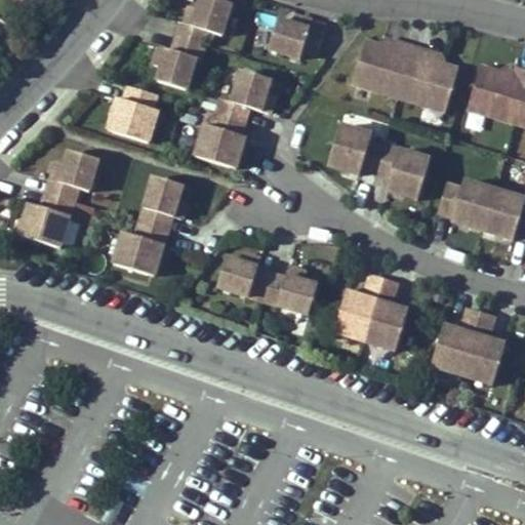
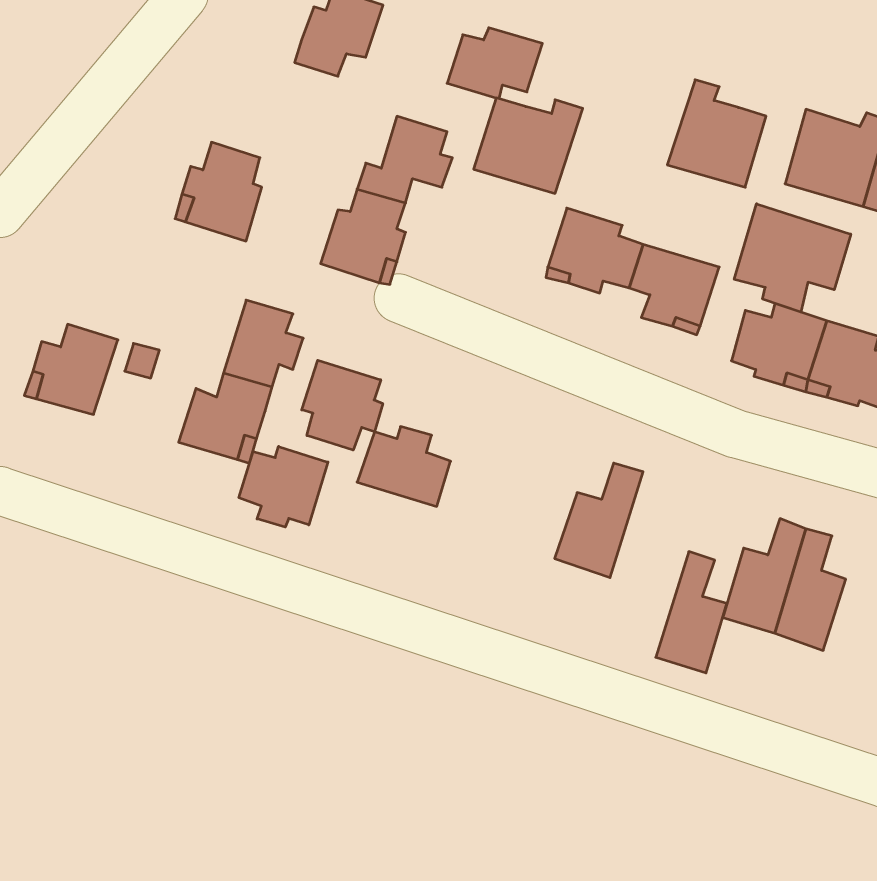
building: [155,37,205,90] -> none
building: [352,41,416,97] -> [474,98,583,193]
building: none -> [734,204,851,312]
building: [45,150,98,201] -> none
building: none -> [302,360,383,450]
building: none -> [239,446,328,527]
building: [264,267,316,314] -> none
building: [366,279,408,351] -> [656,552,727,673]

